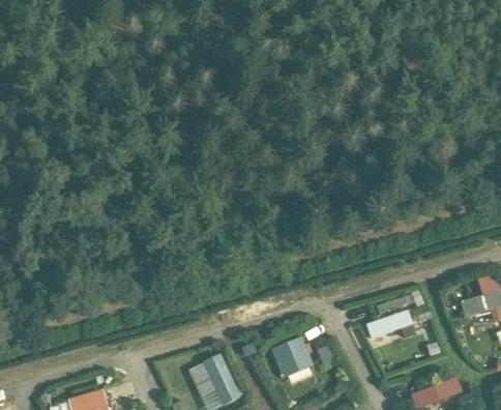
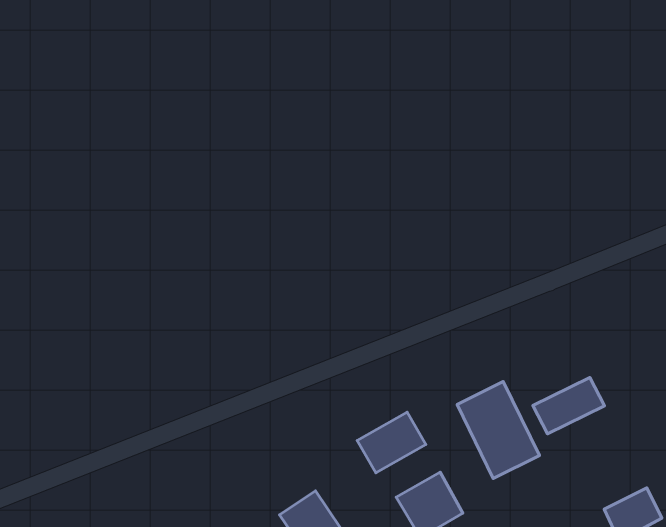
building: none -> [457,382,539,479]
building: none -> [357,412,426,473]

